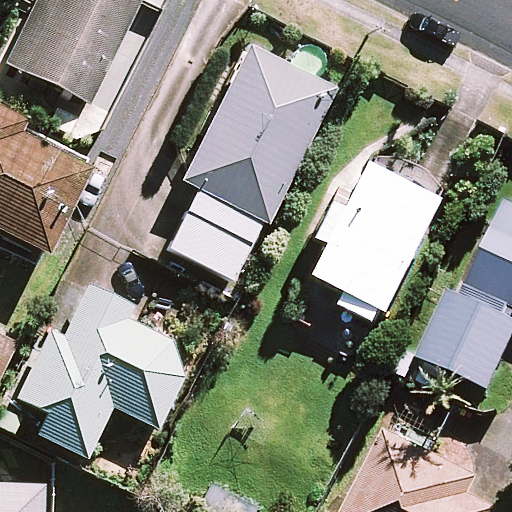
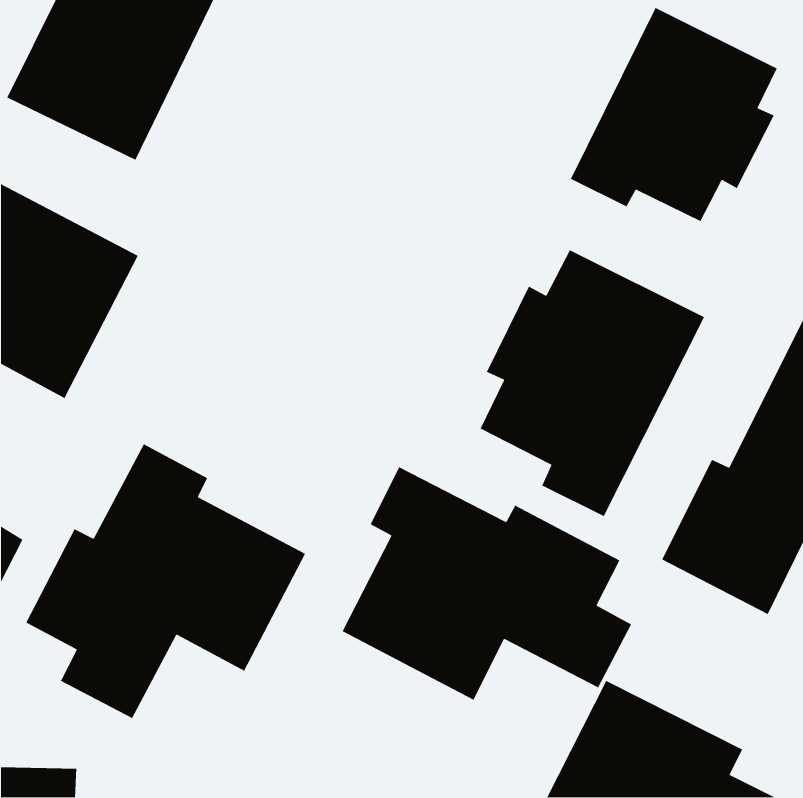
building: none -> [570,7,778,222]
building: [170,45,335,278] -> none
building: none -> [341,466,632,701]

